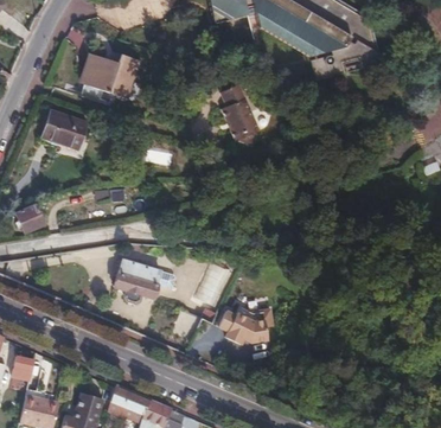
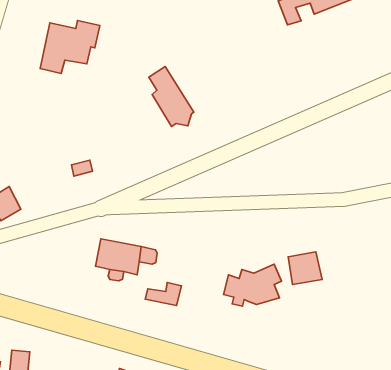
building: [220,87,258,145] -> [149,66,194,127]
building: [40,110,87,151] -> none
building: none -> [288,252,322,284]

